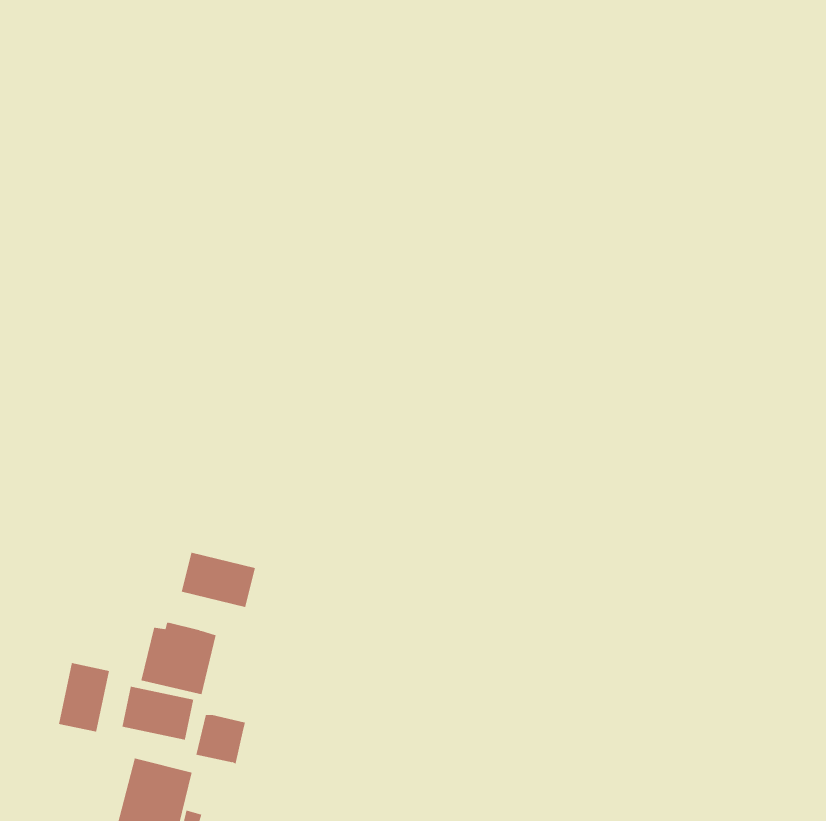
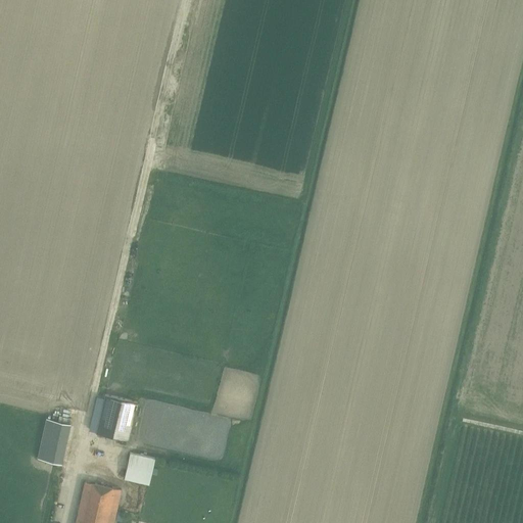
building: [181,552,255,608] -> none
building: [122,686,194,741] -> none

